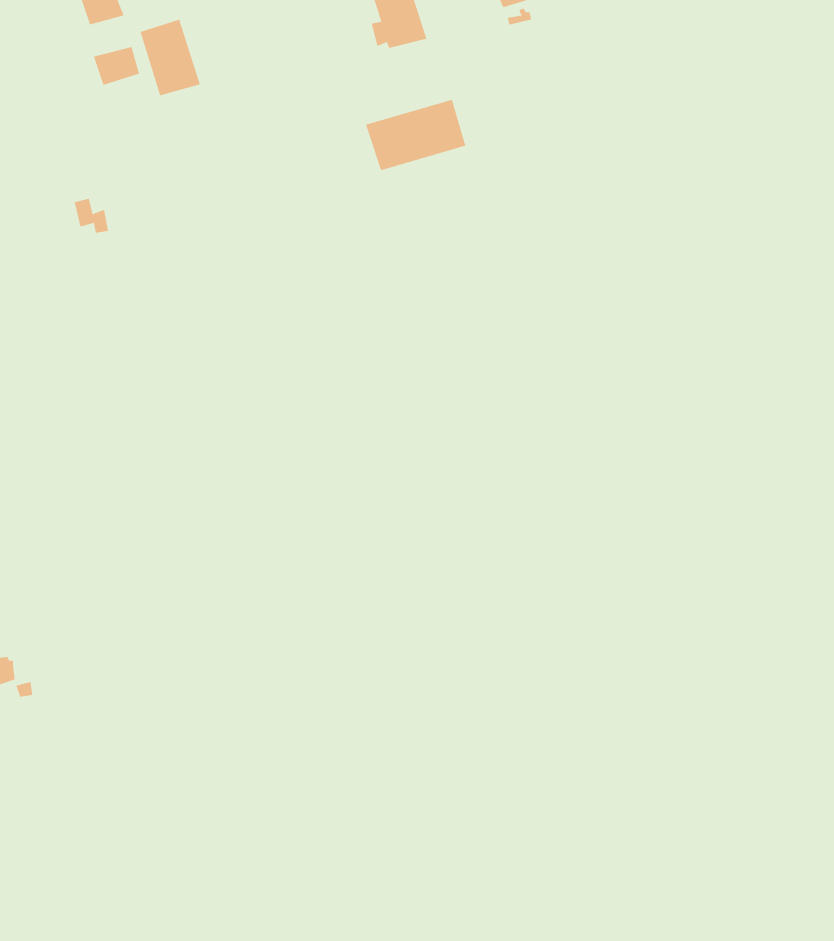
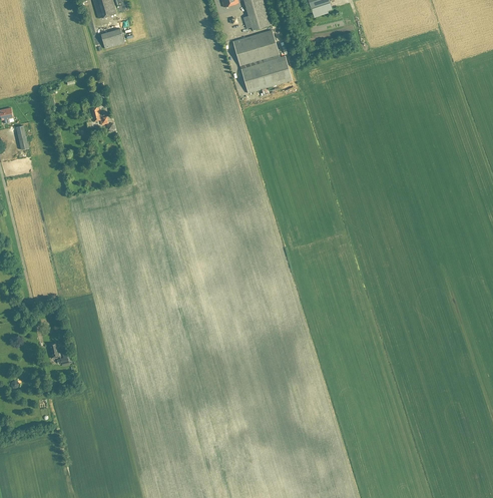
building: [140,19,200,96] -> none
building: none -> [231,29,279,65]

